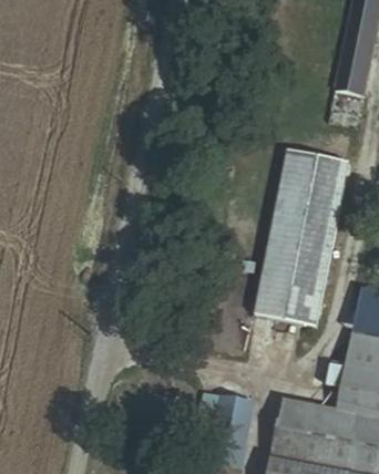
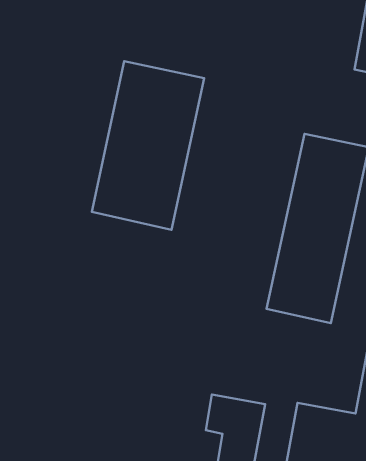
building: none -> [92,61,204,230]

